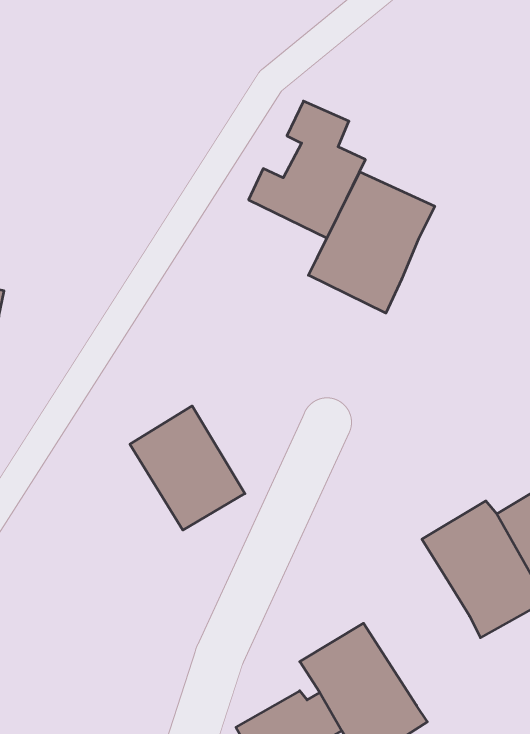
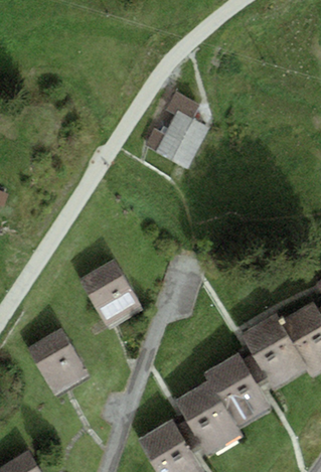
building: [308,172,435,313] -> none
building: none -> [26,328,89,397]
building: none -> [202,352,272,426]

